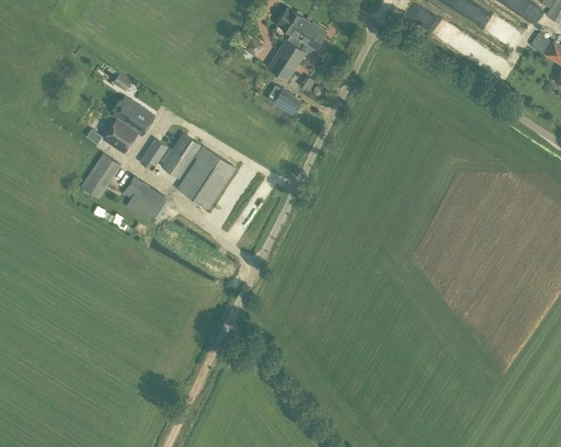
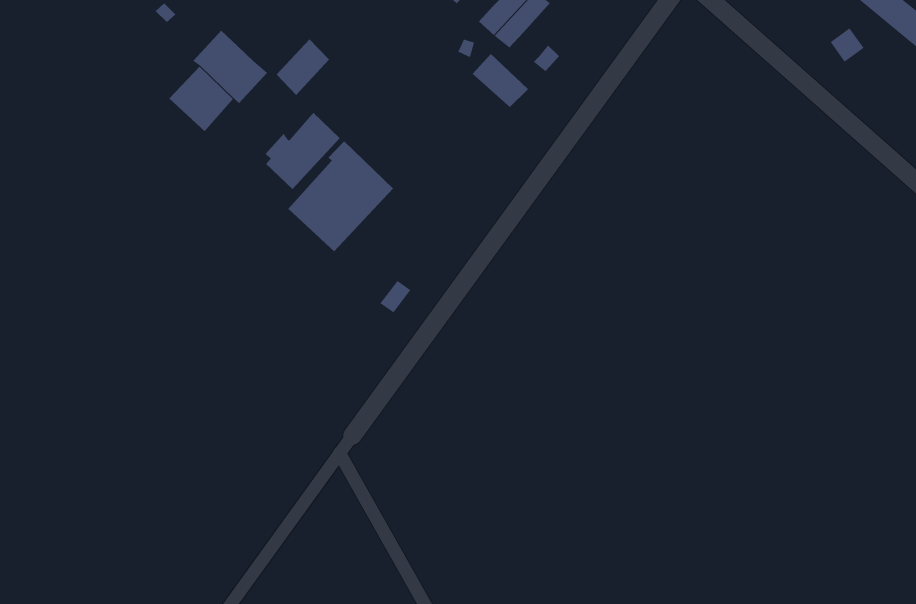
building: [139,138,168,171] -> [276,38,330,96]
building: [81,153,121,198] -> none
building: [121,176,163,221] -> none

